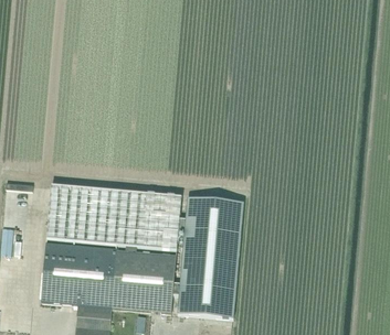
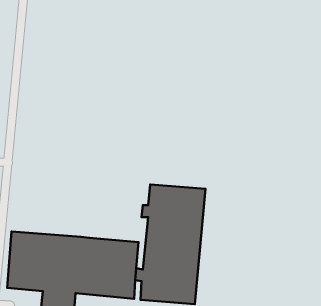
building: [46,184,180,251] -> none

